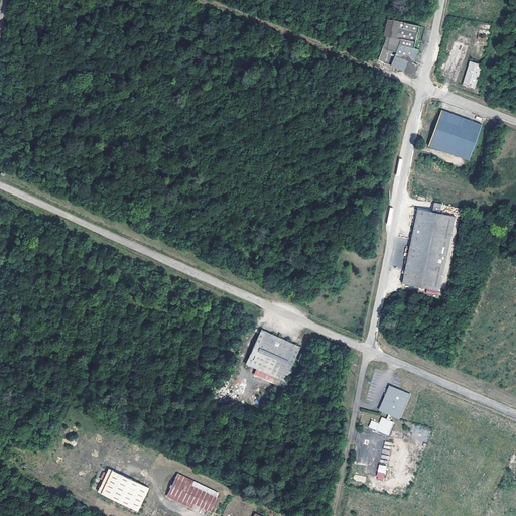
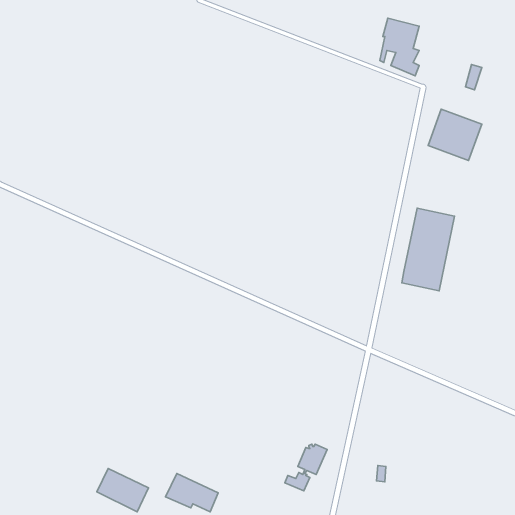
building: [245,330,299,382] -> none
building: [367,390,409,436] -> [285,444,327,491]

